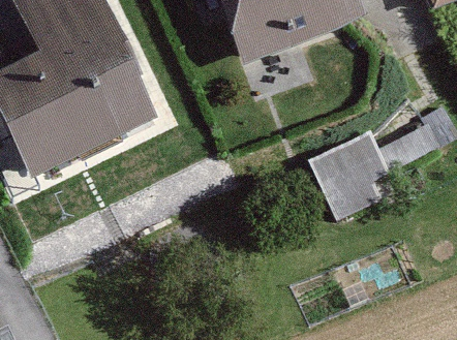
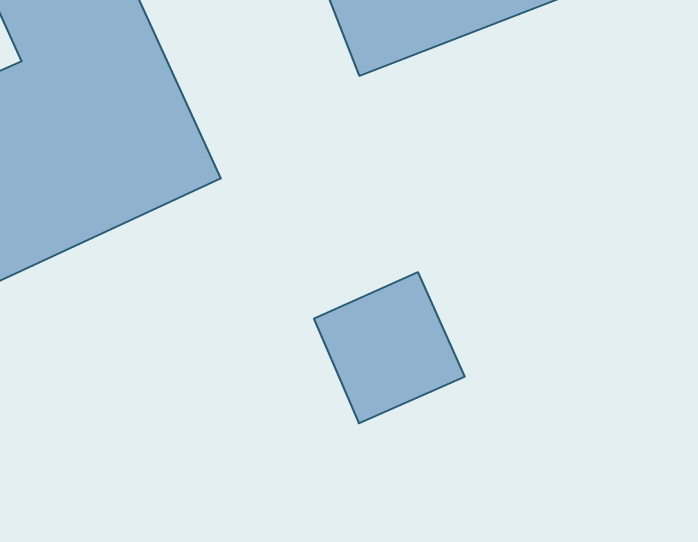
building: [316,120,403,207] -> [314,272,465,423]

